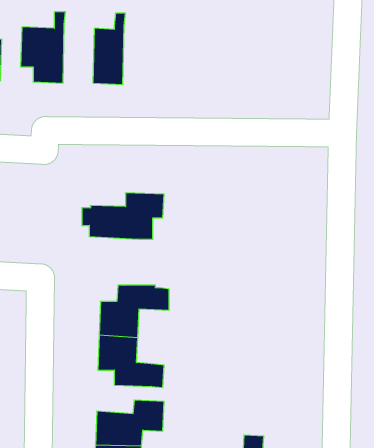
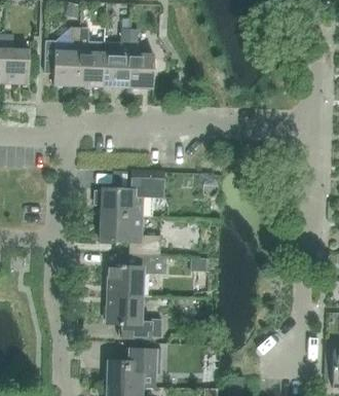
building: none -> [79,27,105,85]
building: none -> [128,28,154,87]
building: none -> [100,212,160,254]

